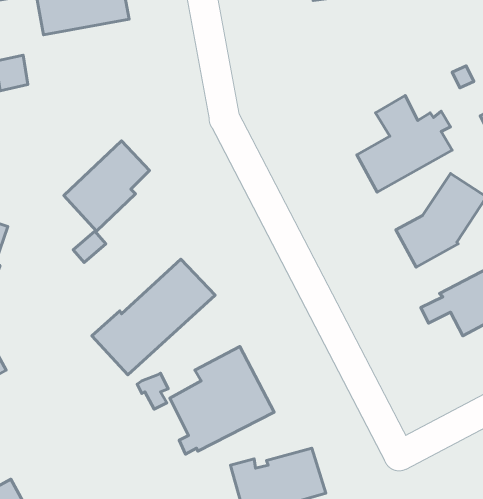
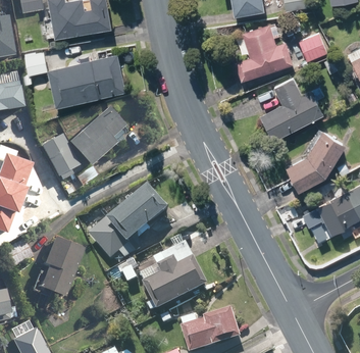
building: none -> [236,26,293,81]
building: none -> [297,34,326,64]
building: none -> [48,55,125,108]
building: none -> [40,135,79,179]
building: none -> [38,239,84,298]

